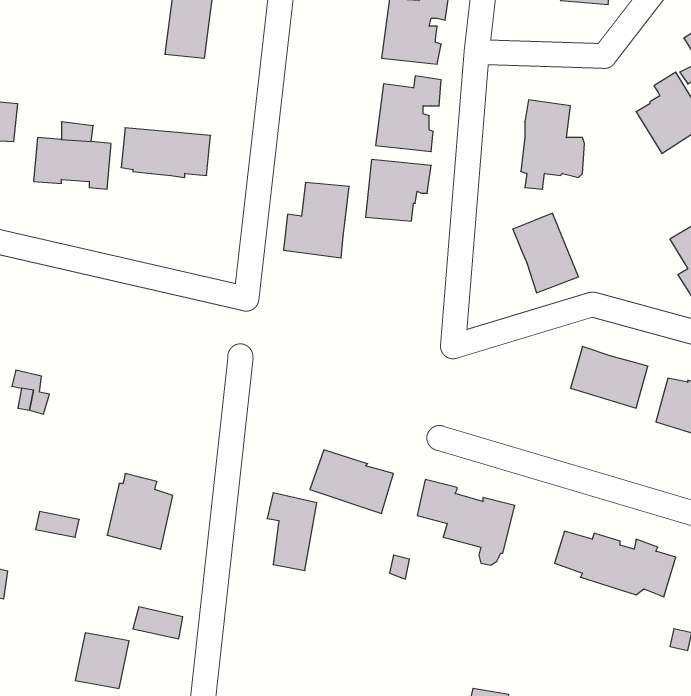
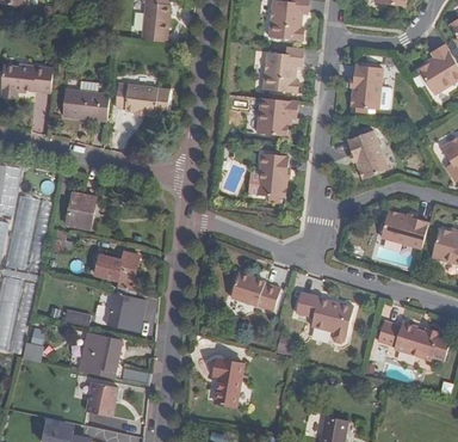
building: [284,182,349,258] -> [252,152,291,197]
building: none -> [64,192,93,229]
building: none -> [93,253,137,289]
building: [267,493,317,570] -> [211,358,241,405]
building: none -> [82,333,120,377]

